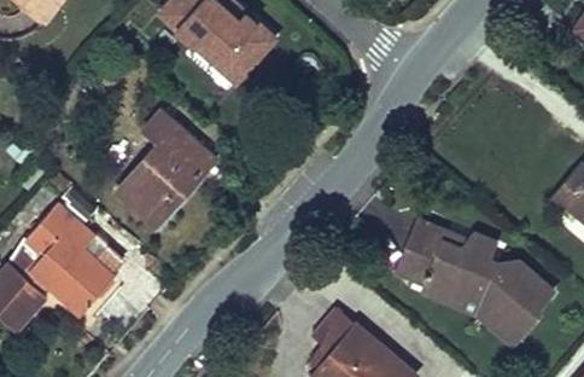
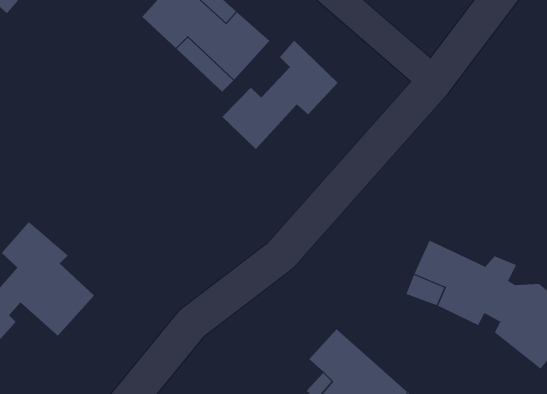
building: none -> [222,40,339,150]
building: [116,123,214,226] -> none
building: [425,283,524,348] -> none

